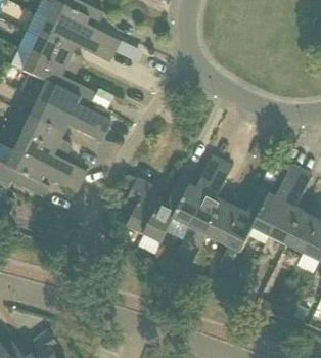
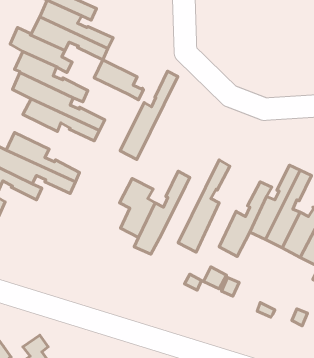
building: [22,114,71,152] -> [94,60,144,100]
building: [166,152,222,238] -> [120,71,178,159]
building: [205,194,244,242] -> none

